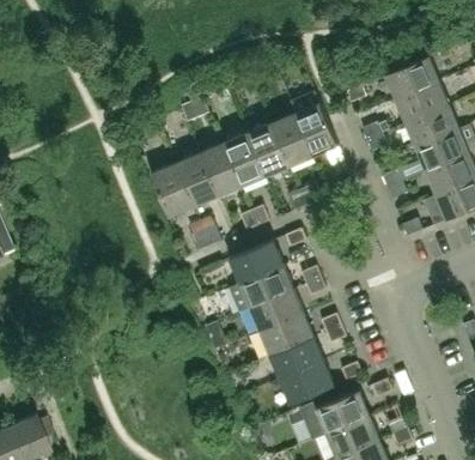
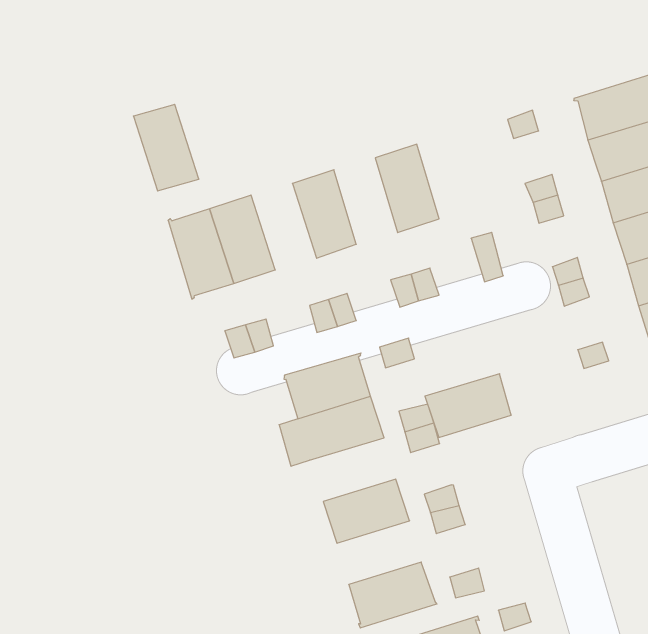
building: [288,91,336,156] -> none
building: [245,123,287,176] -> none
building: [197,144,240,196] -> [133,104,199,191]
building: [249,290,302,332] -> [425,374,511,438]
building: [270,338,322,380] -> none

